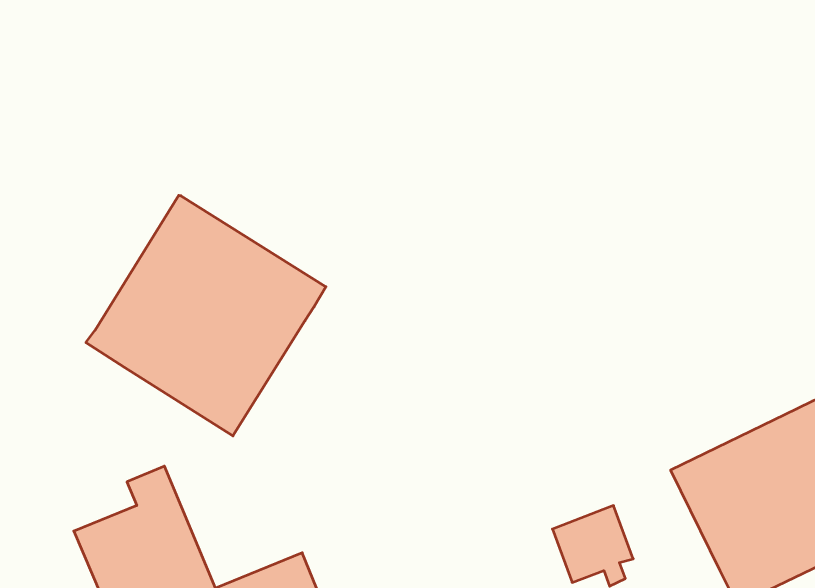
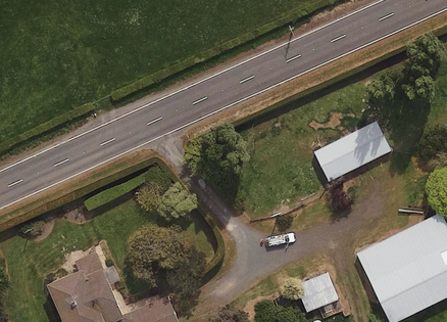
building: [86,195,326,436] -> none
building: none -> [314,122,389,181]

